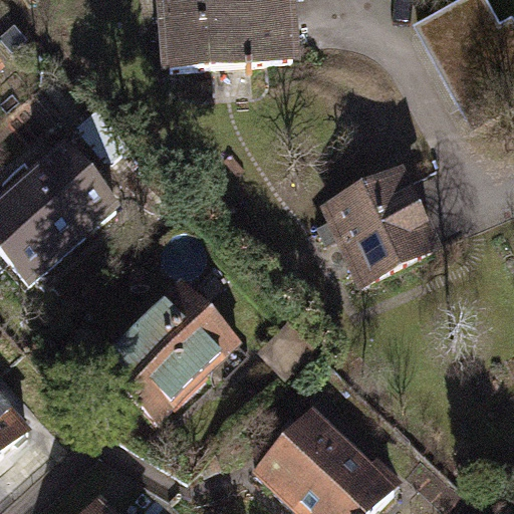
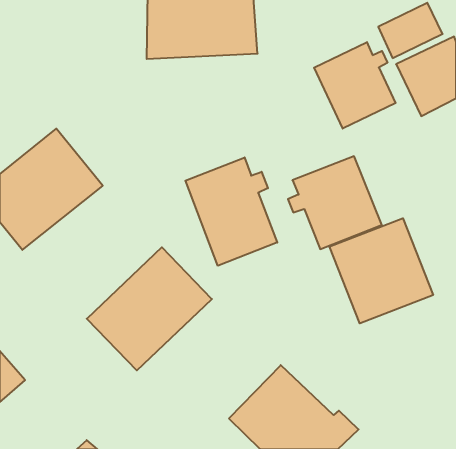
building: none -> [314,42,396,129]
building: none -> [185,157,277,266]
building: none -> [330,218,433,323]

